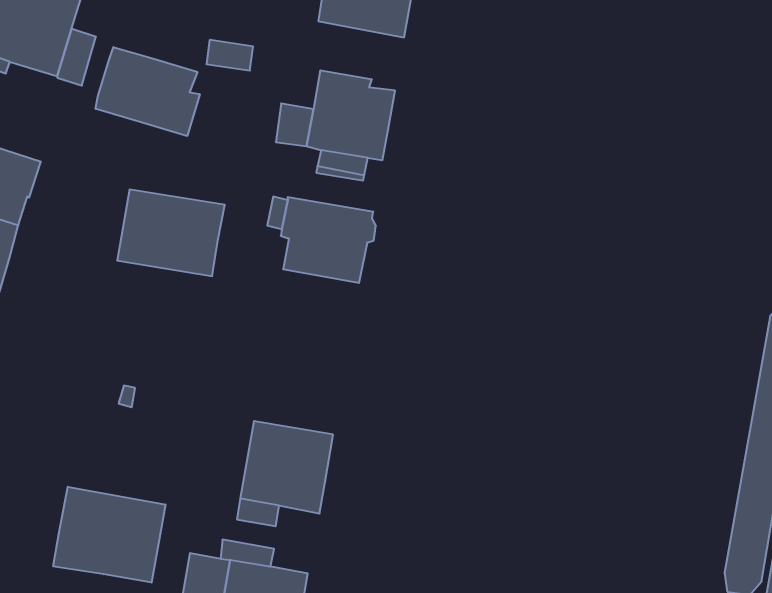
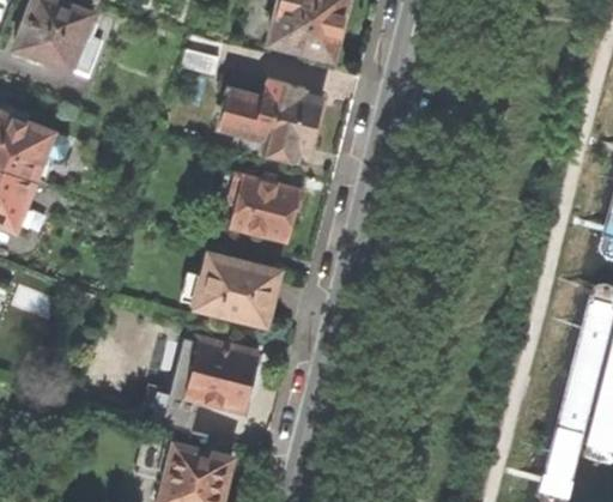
building: [96,47,200,136] -> none
building: [117,189,225,276] -> [196,255,280,325]
building: [53,487,165,583] -> none

